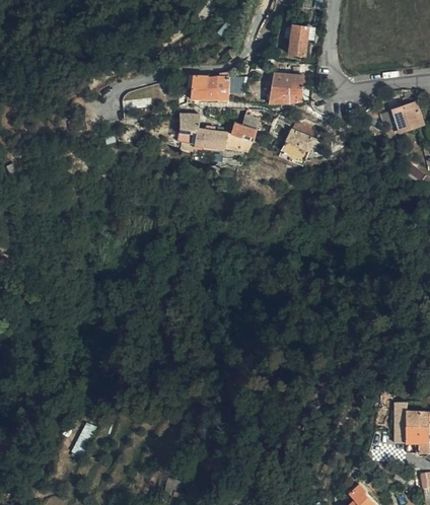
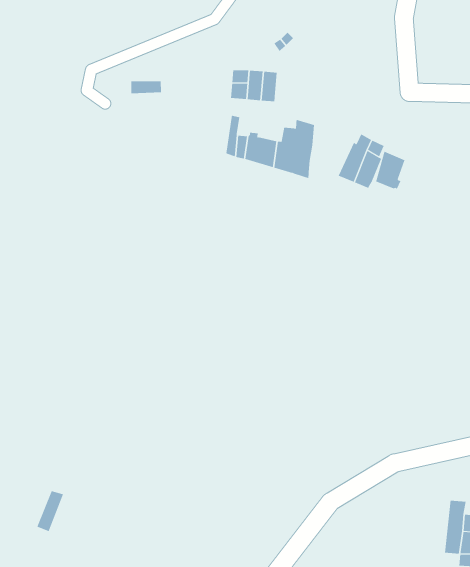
building: [289,23,309,55] -> none
building: [271,73,305,104] -> none
building: [181,114,196,145] -> none
building: none -> [376,151,405,190]

